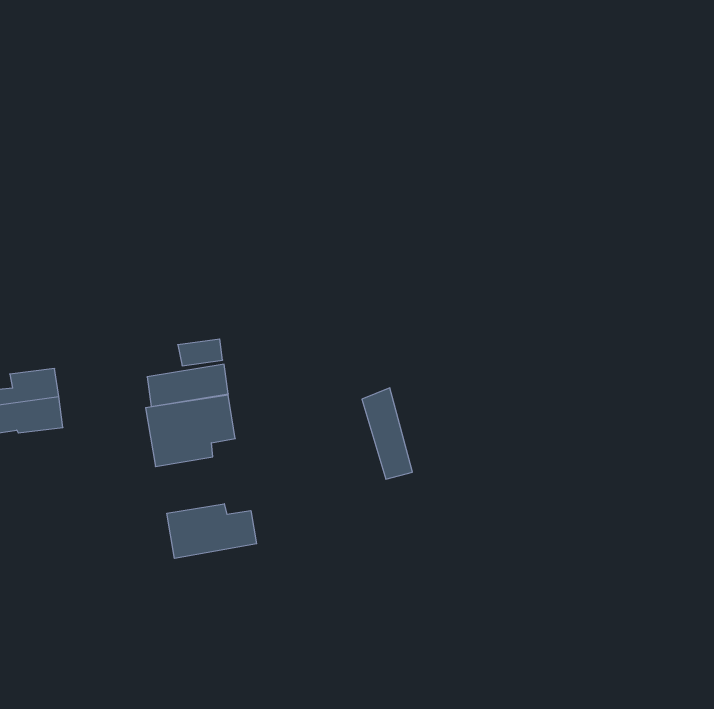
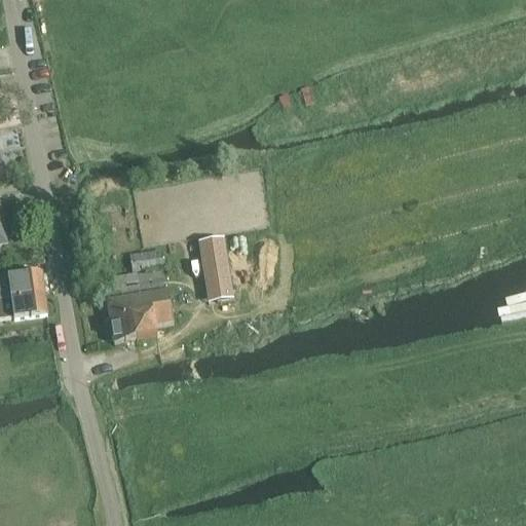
building: [362,388,412,479] -> [196,224,233,291]
building: [167,504,257,558] -> none

